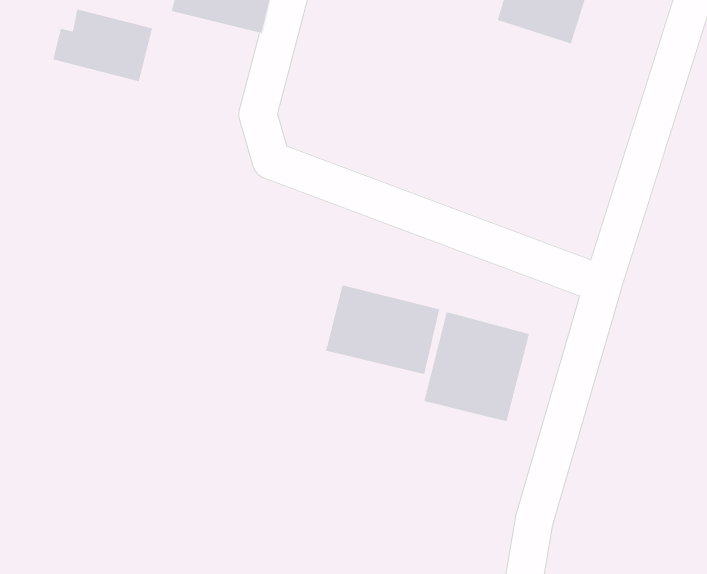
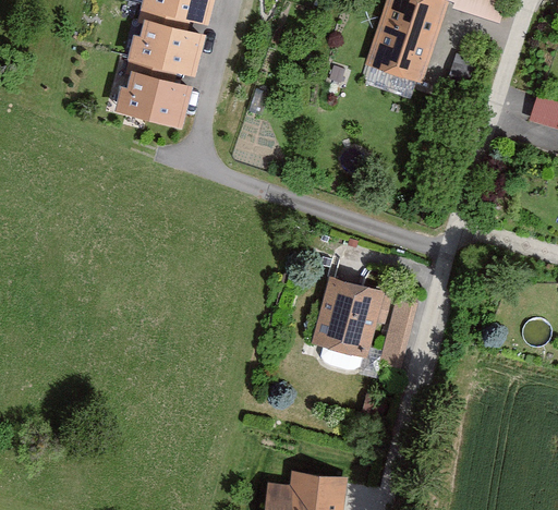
building: [53,9,153,82] -> [114,73,187,126]
building: [325,284,440,375] -> none

